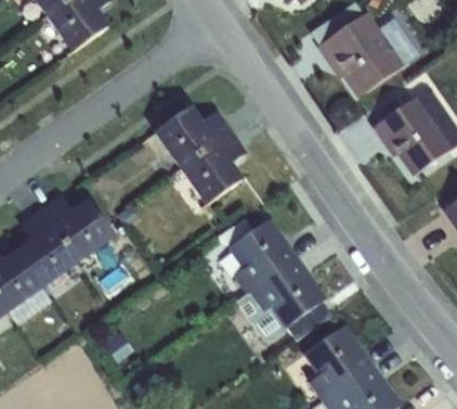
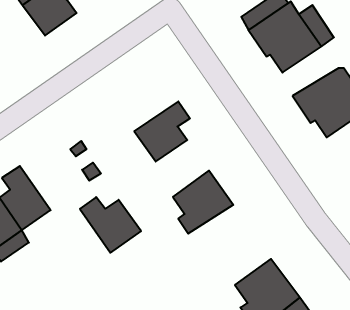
building: [154,105,233,168] -> none
building: [42,196,116,264] -> [80,197,141,253]
building: [234,257,331,341] -> none

